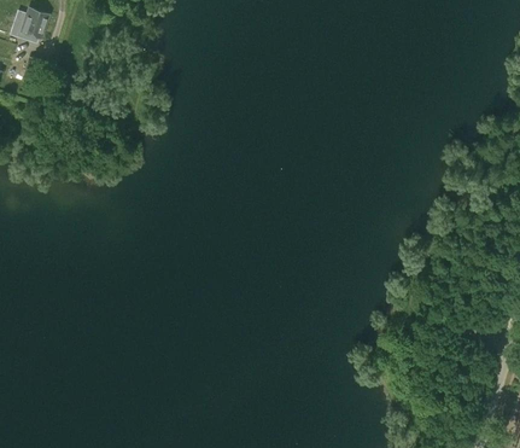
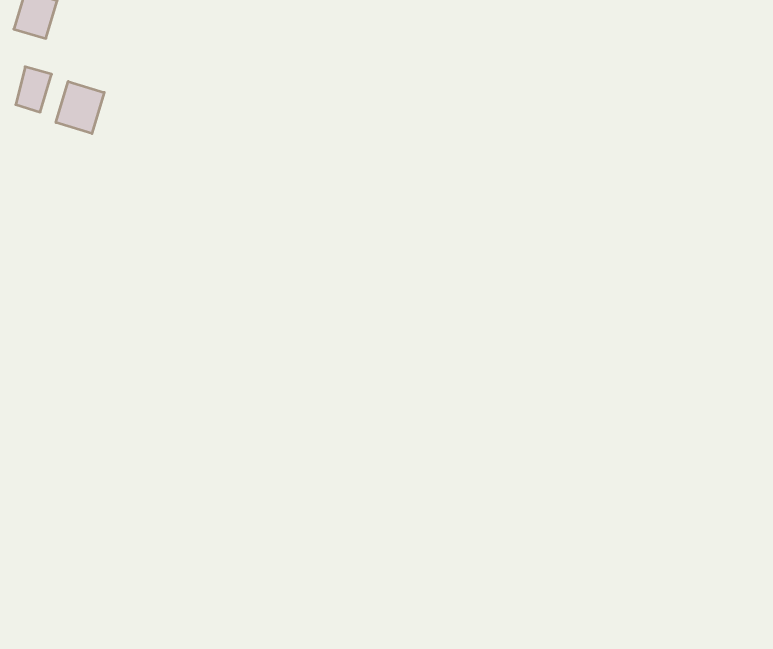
building: none -> [56,81,104,134]

